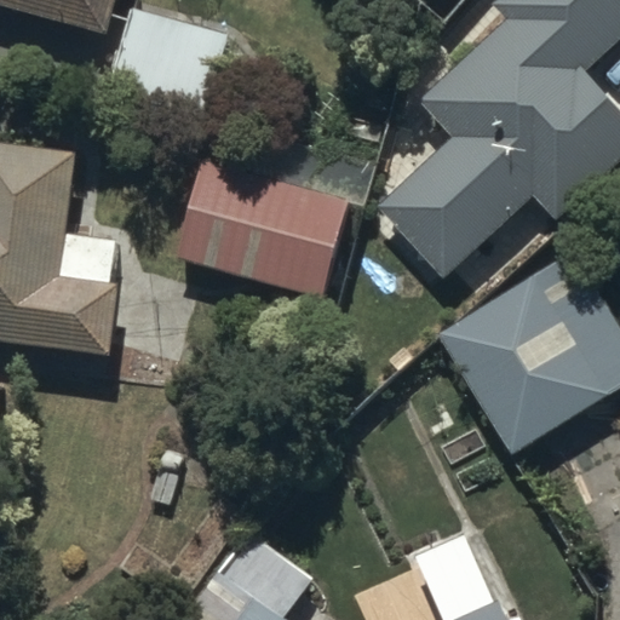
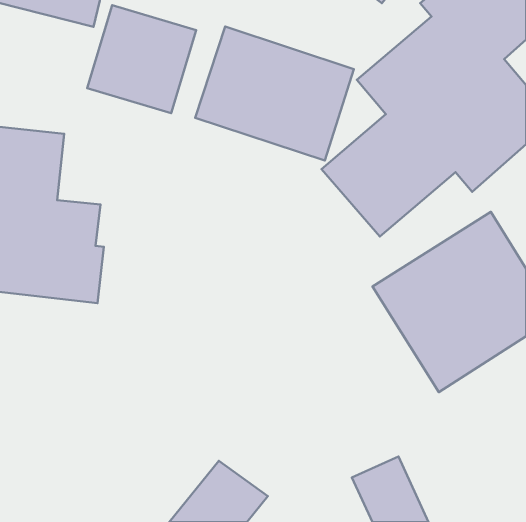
building: [168,151,354,308] -> [195,27,354,160]

